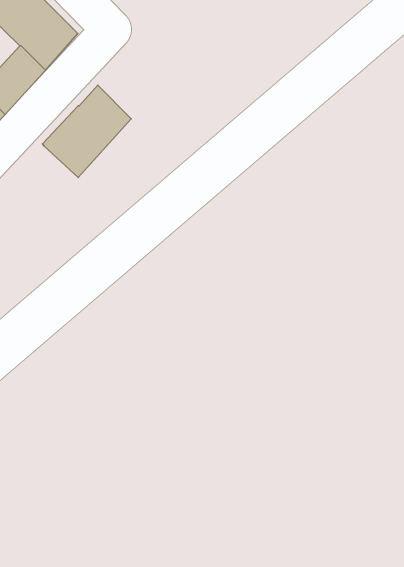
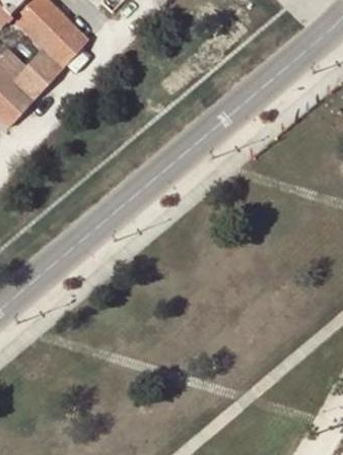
building: [42,85,131,178] -> none

